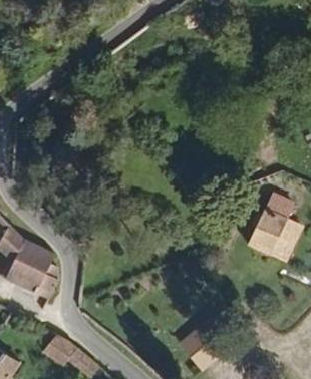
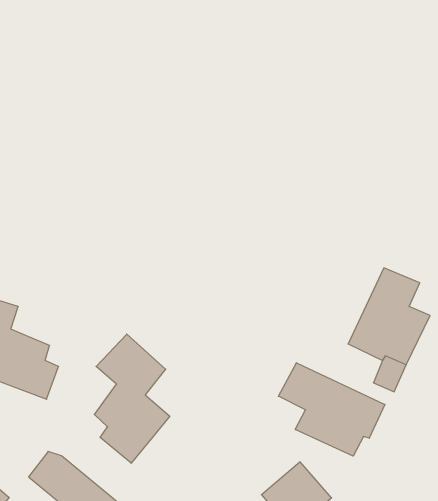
building: none -> [94,334,170,463]
building: none -> [278,363,385,456]

